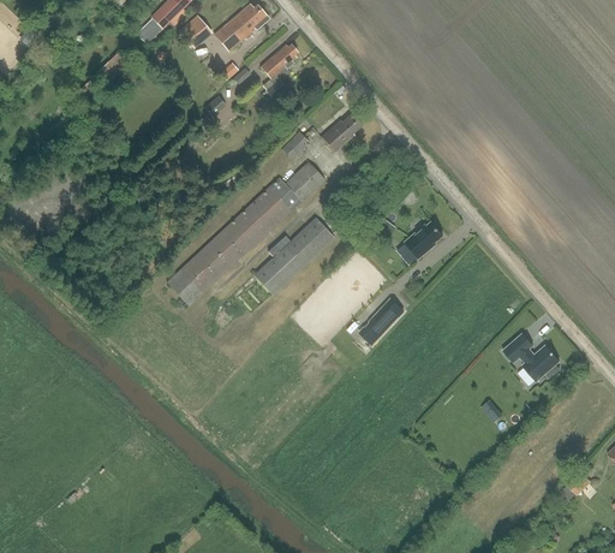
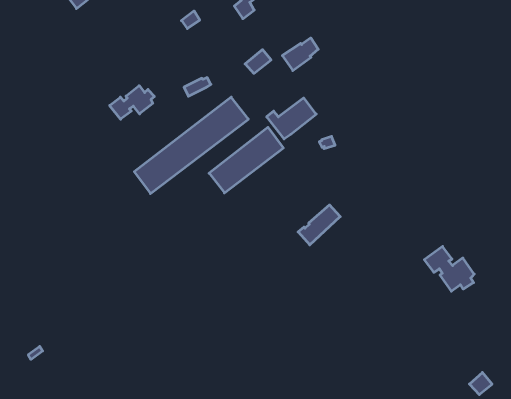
building: [269,161,324,209] -> [267,98,316,139]
building: none -> [110,86,154,119]
building: [404,220,444,258] -> none

